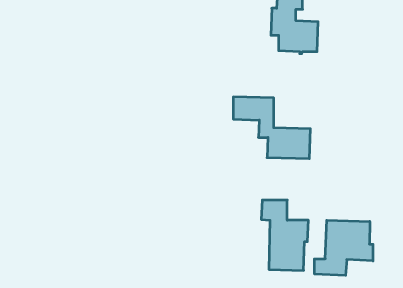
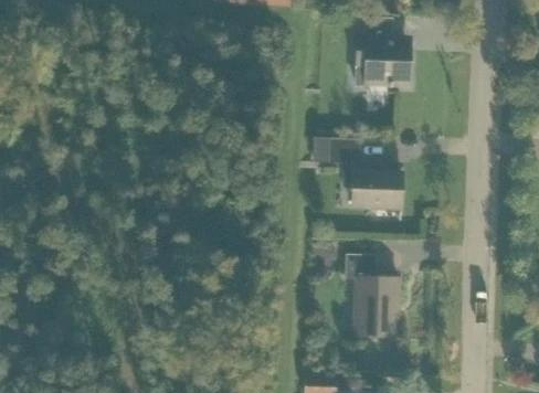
building: [314,220,373,275] -> none

